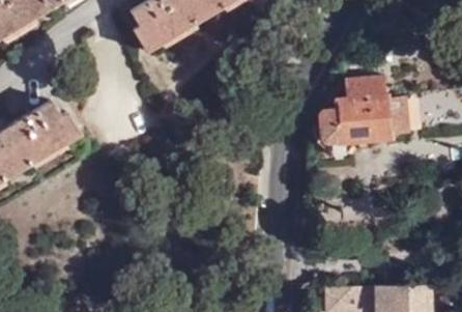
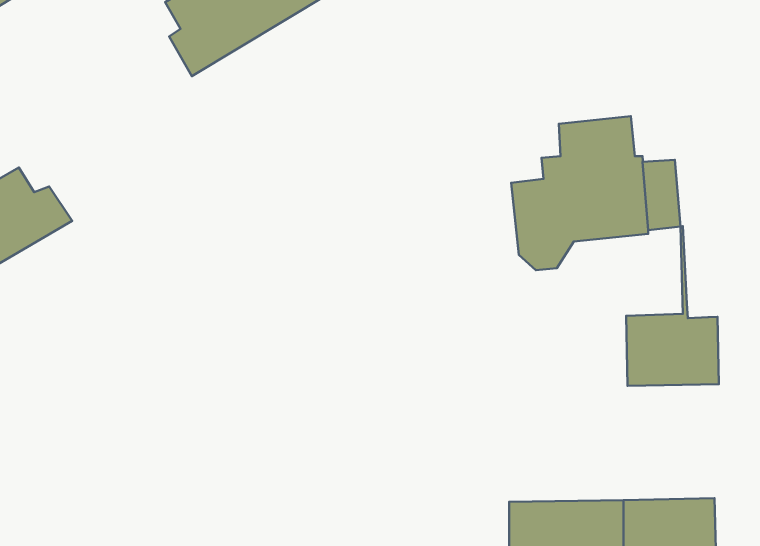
building: none -> [626,226,719,386]

